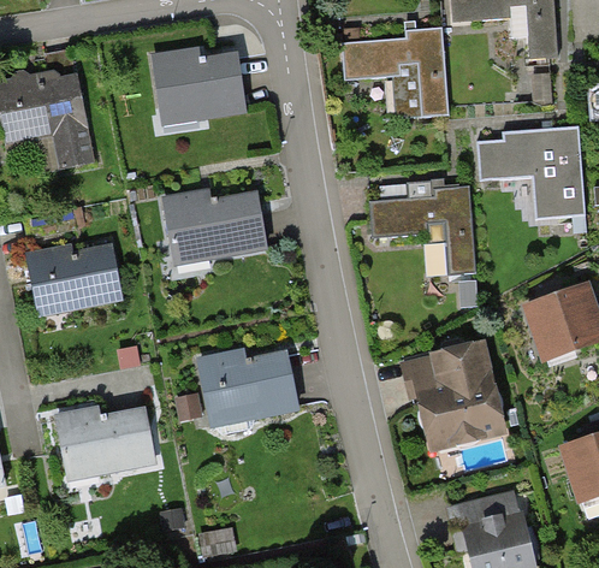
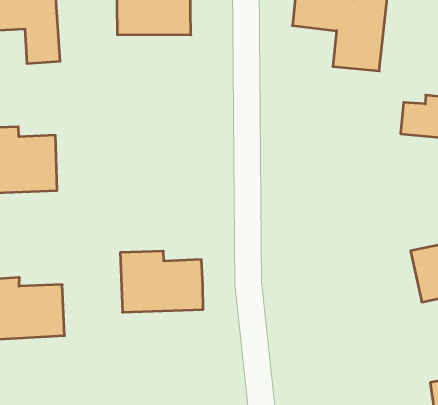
building: [373,187,473,274] -> none
building: [167,189,269,265] -> none
building: [403,342,510,451] -> none

